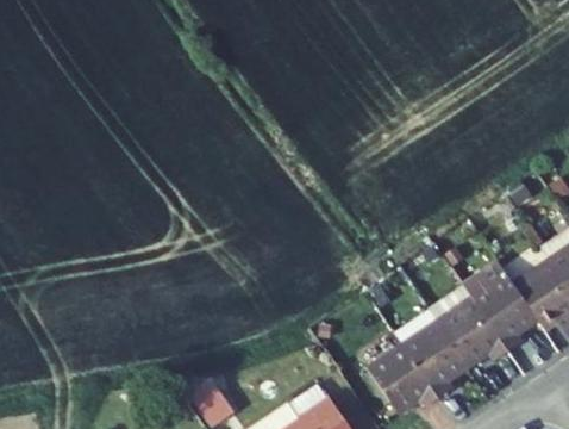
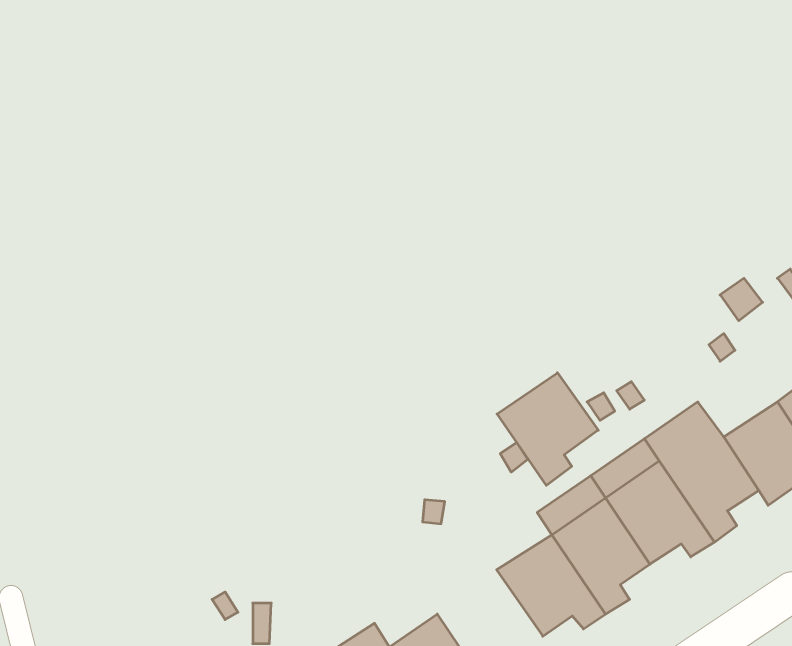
building: none -> [497,373,598,485]

